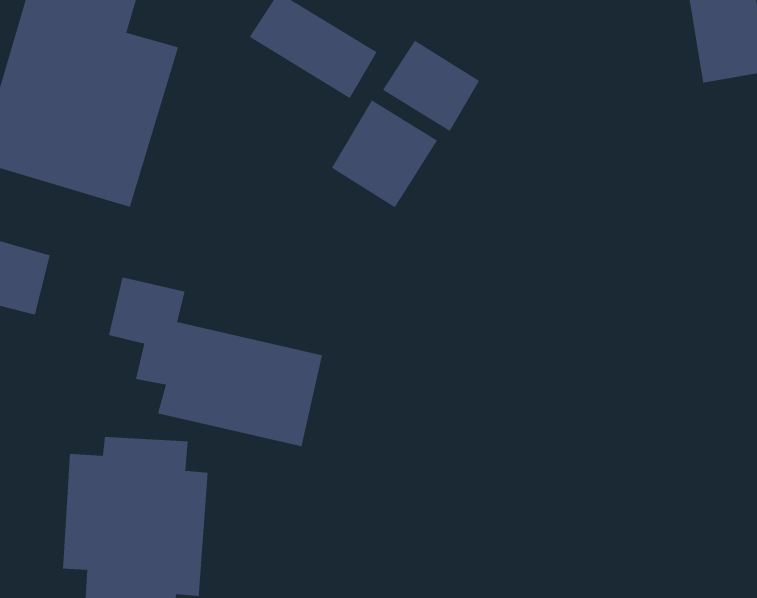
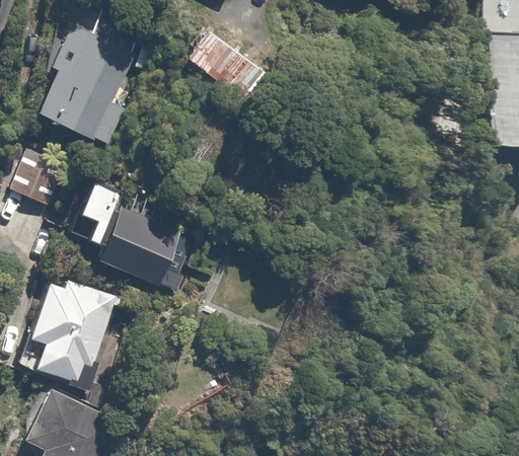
building: [382,40,480,132] -> none
building: [331,100,438,208] -> none

